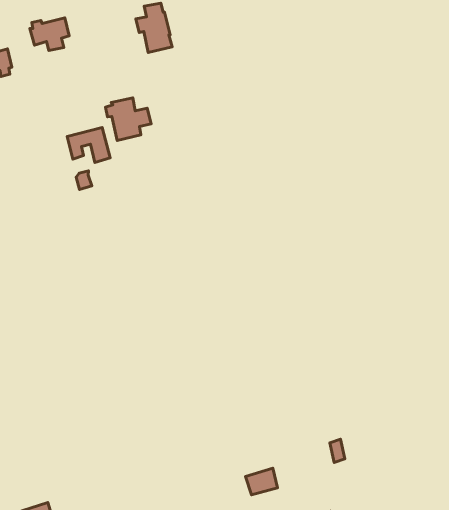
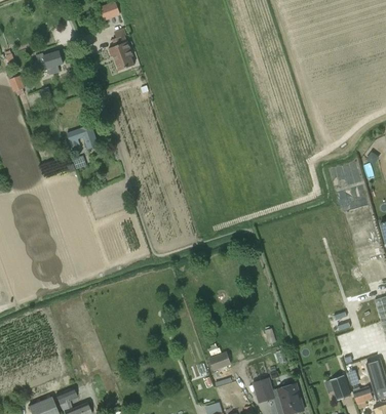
building: [105,98,151,141] -> none

